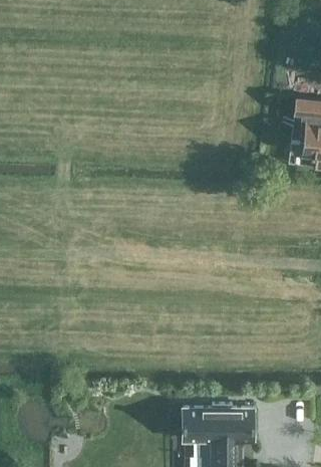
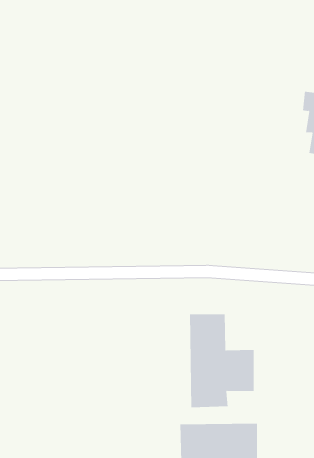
building: none -> [190,314,254,408]

